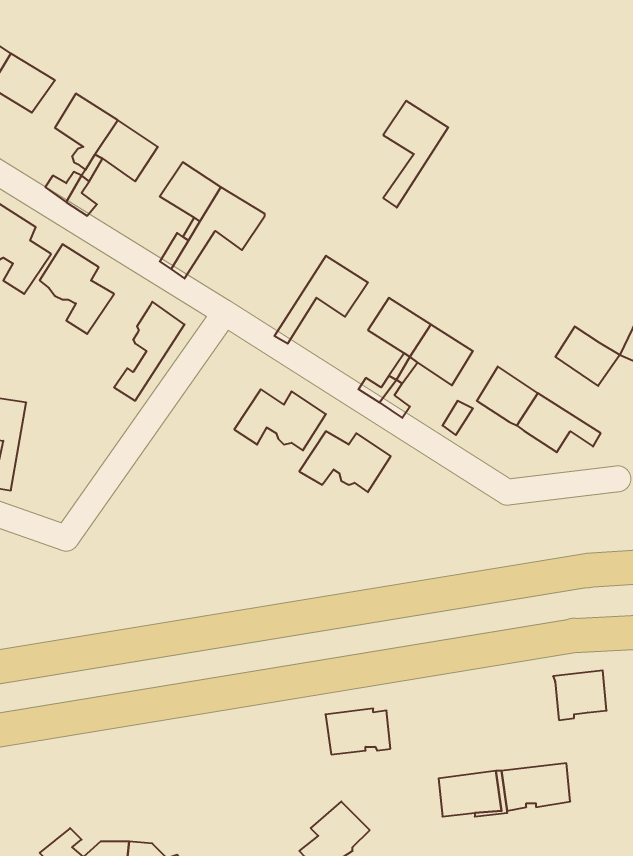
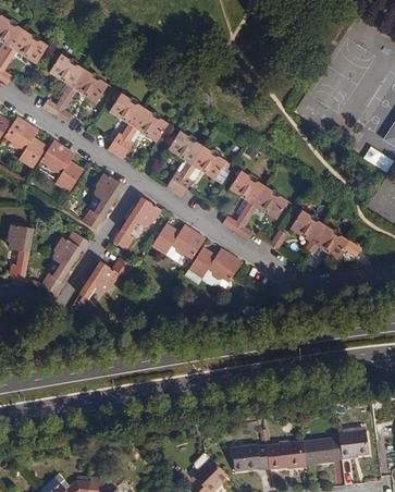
building: [383,101,448,208] -> [165,132,202,193]
building: [555,326,620,386] -> none
building: none -> [112,197,160,249]
building: none -> [40,238,81,294]
building: none -> [78,258,132,299]
building: [553,670,607,720] -> [338,430,369,458]
building: [325,709,390,754] -> [232,444,269,470]

